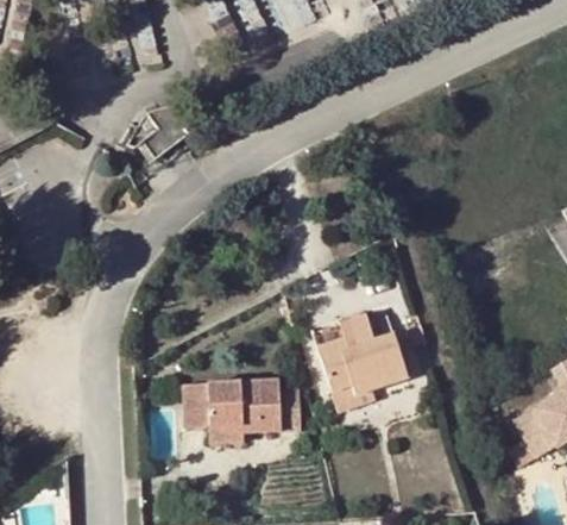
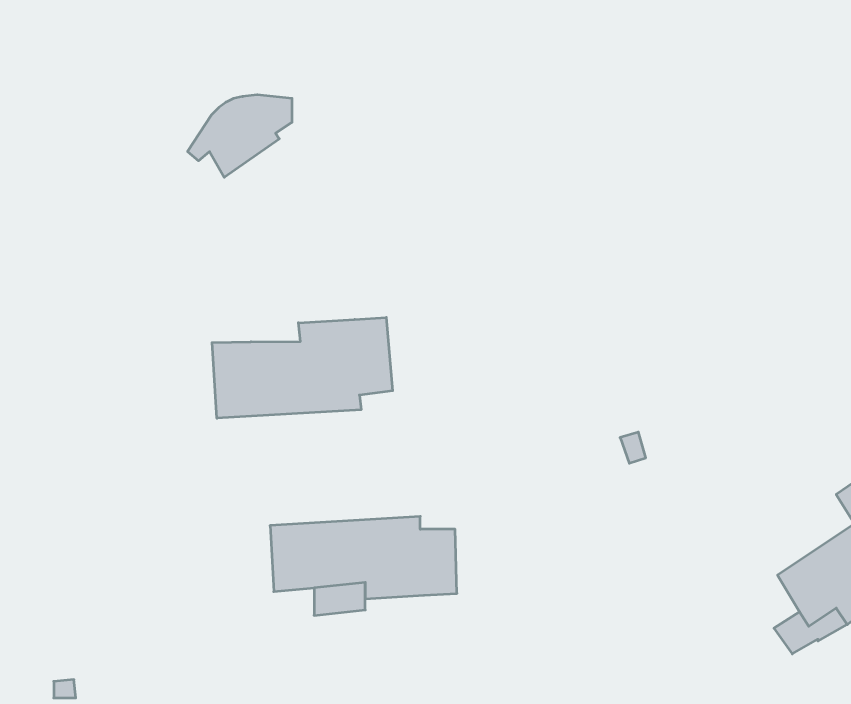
building: none -> [212,317,393,418]
building: [313,314,410,394] -> none

